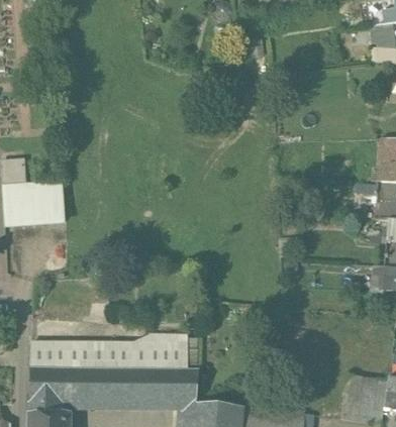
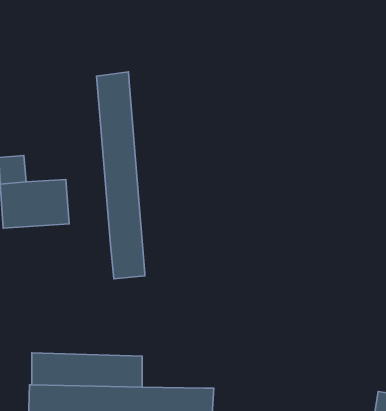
building: none -> [96,72,145,279]
building: [131,334,190,370] -> none

